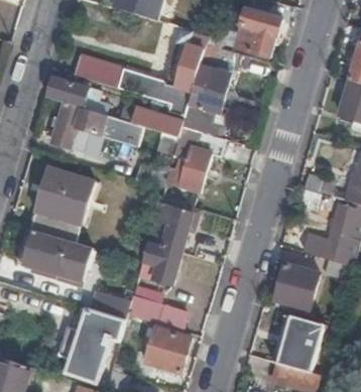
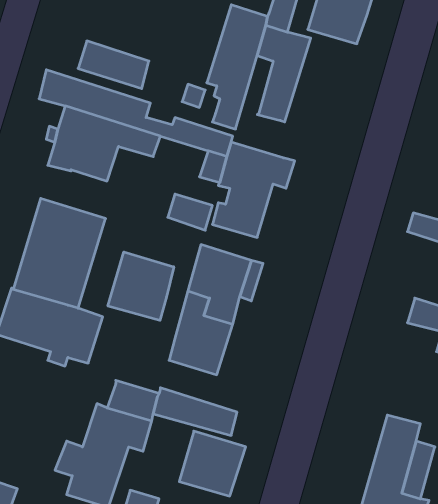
building: [180,102,221,136] -> none
building: none -> [108,252,174,320]
building: [274,264,318,309] -> none

